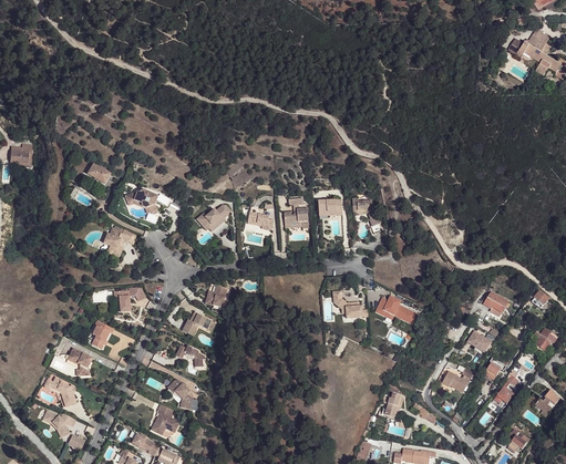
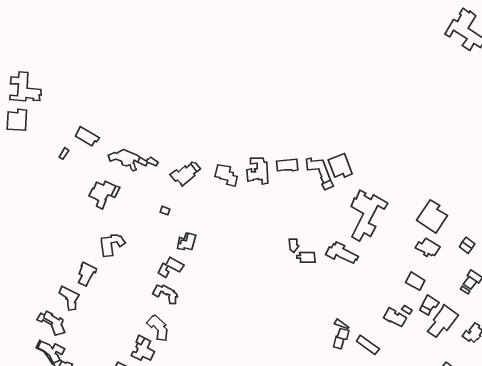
building: none -> [10,72,41,101]
building: none -> [328,153,352,177]
building: none -> [351,190,388,241]
building: none -> [416,200,447,233]

